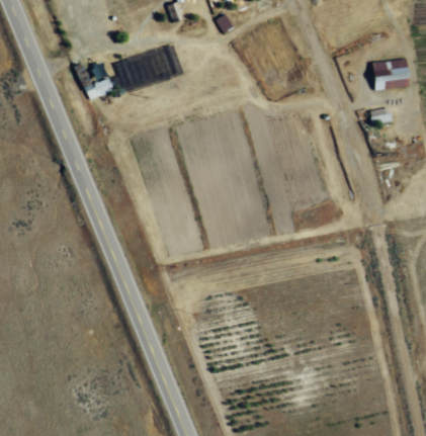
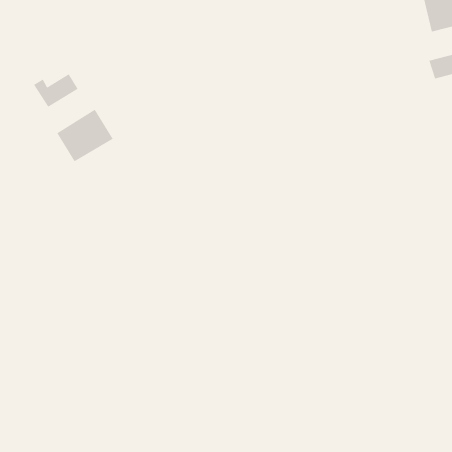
building: none -> [57,109,113,162]

